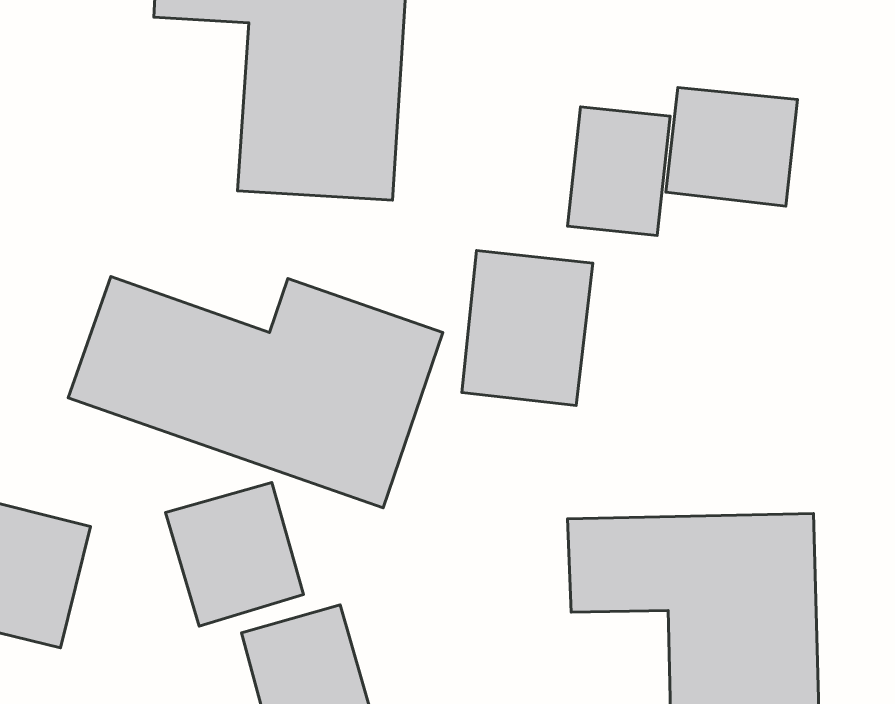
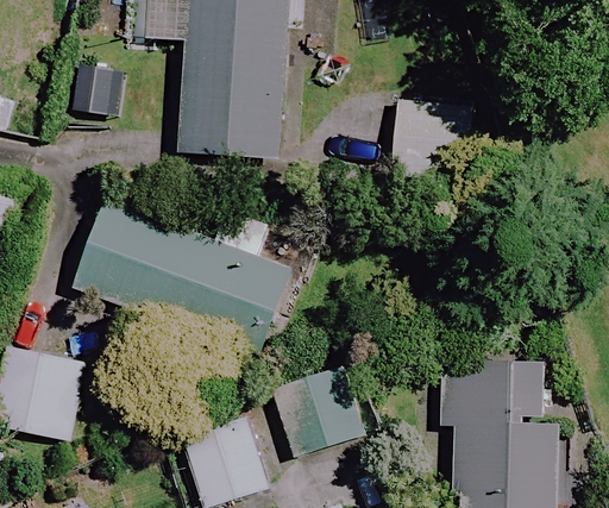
building: [666,87,797,206] -> none
building: [462,251,593,406] -> none
building: [166,483,303,626] -> [270,366,358,458]

